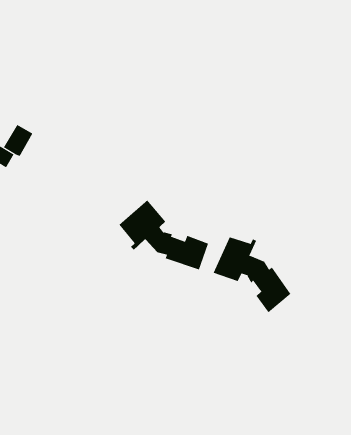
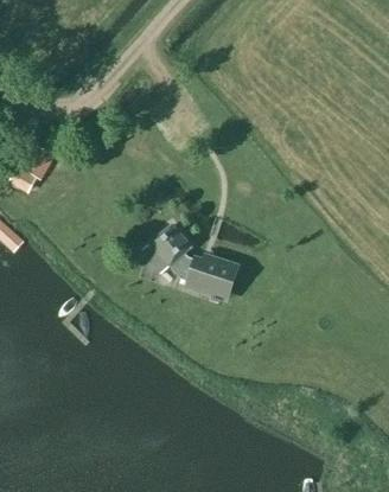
building: [213,236,291,313] -> none

